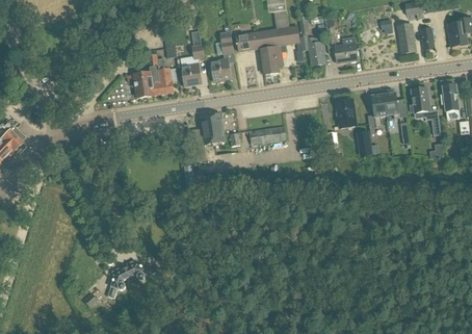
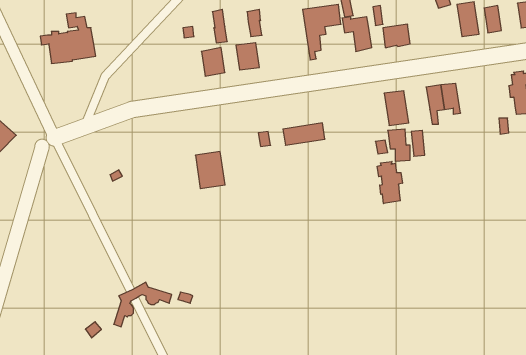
building: [236,30,272,74] -> none
building: [126,55,173,98] -> [40,13,96,63]
building: [409,88,430,120] -> none
building: [200,113,225,145] -> [195,152,225,189]
building: none -> [377,161,402,204]

